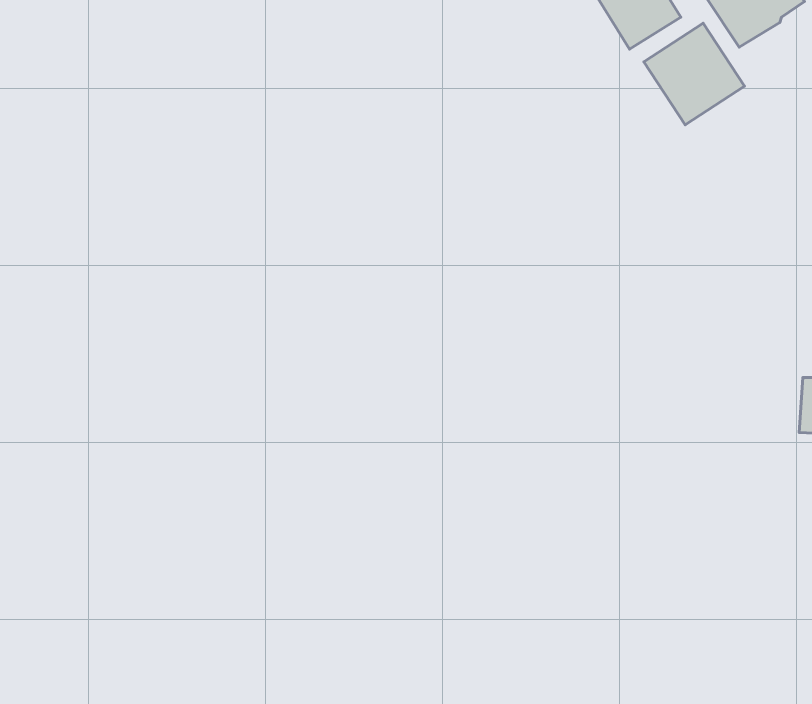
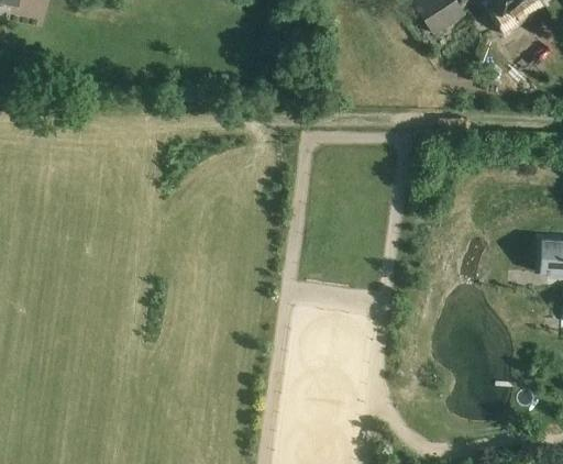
building: [644,23,744,125] -> none

